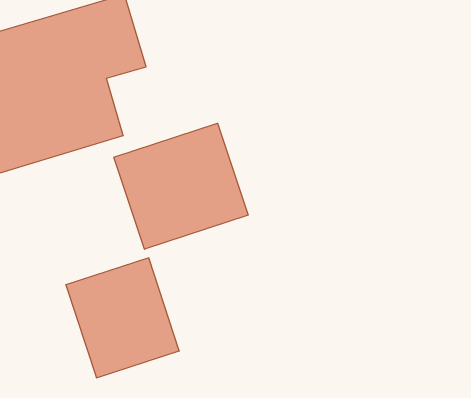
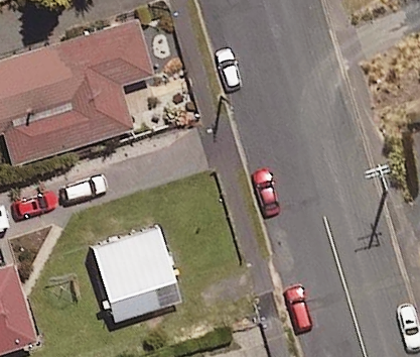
building: [114,123,248,249] -> none

